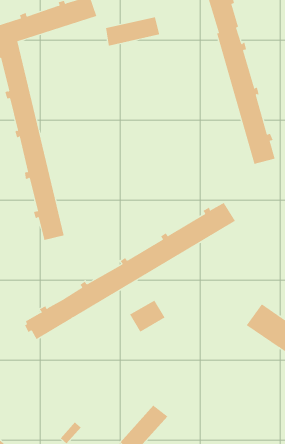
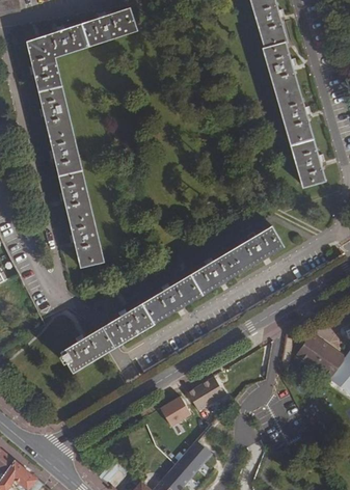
building: [105,16,160,46] -> none
building: [129,300,166,332] -> [186,376,224,410]
building: none -> [154,398,186,429]

